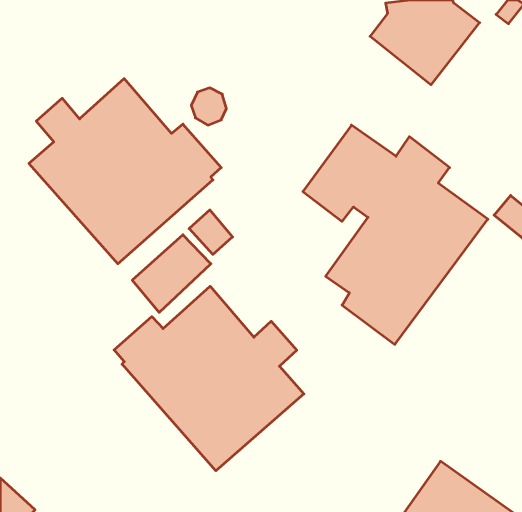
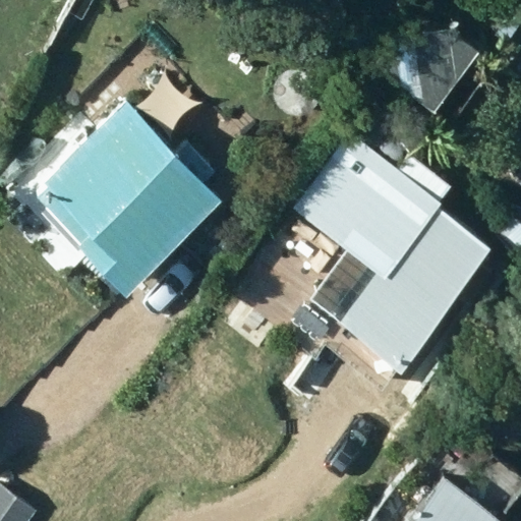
building: [114,286,304,471] -> none

